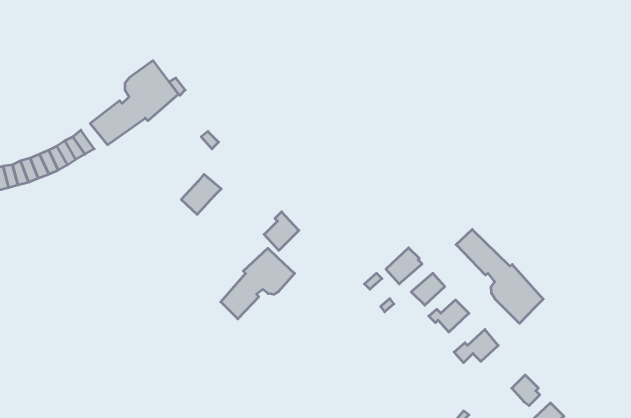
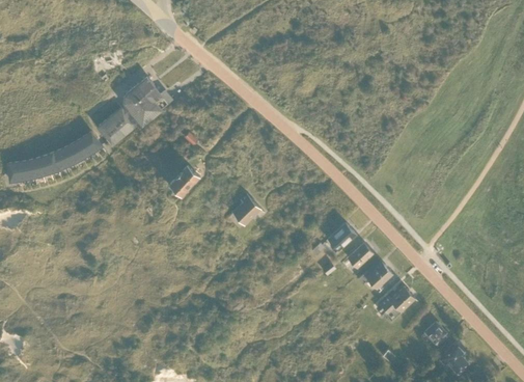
building: [456,229,543,323] -> none
building: [221,248,295,319] -> none

